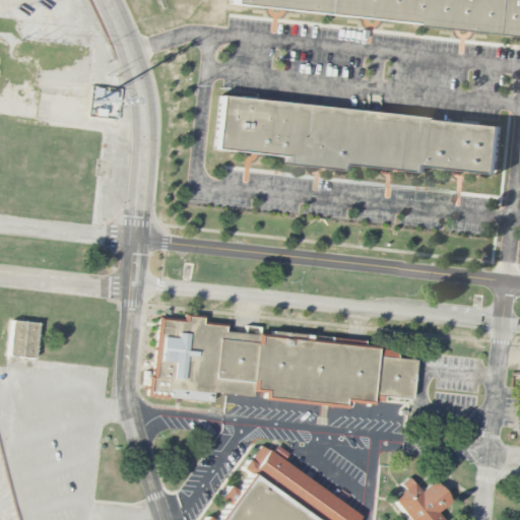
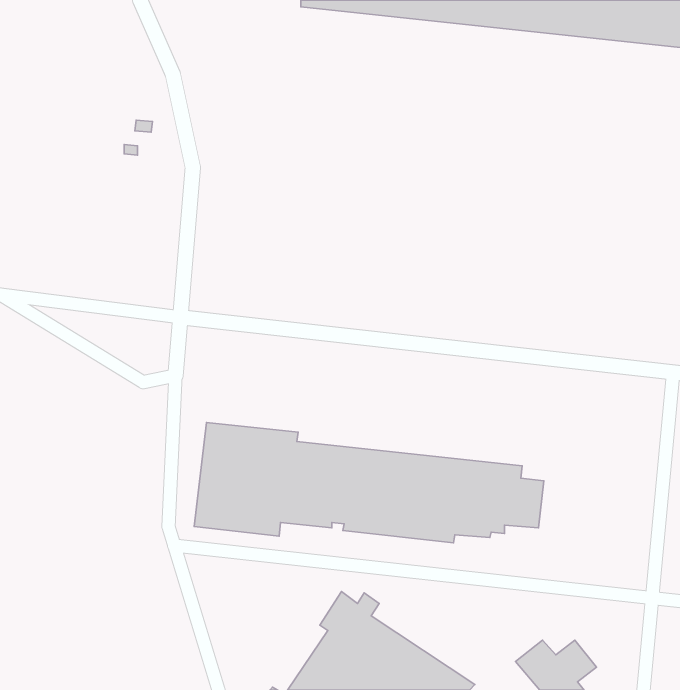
building: [219,95,507,174] -> none
building: [13,320,44,359] -> none

